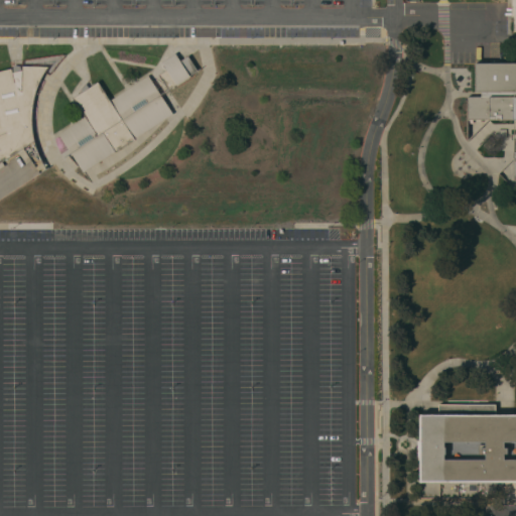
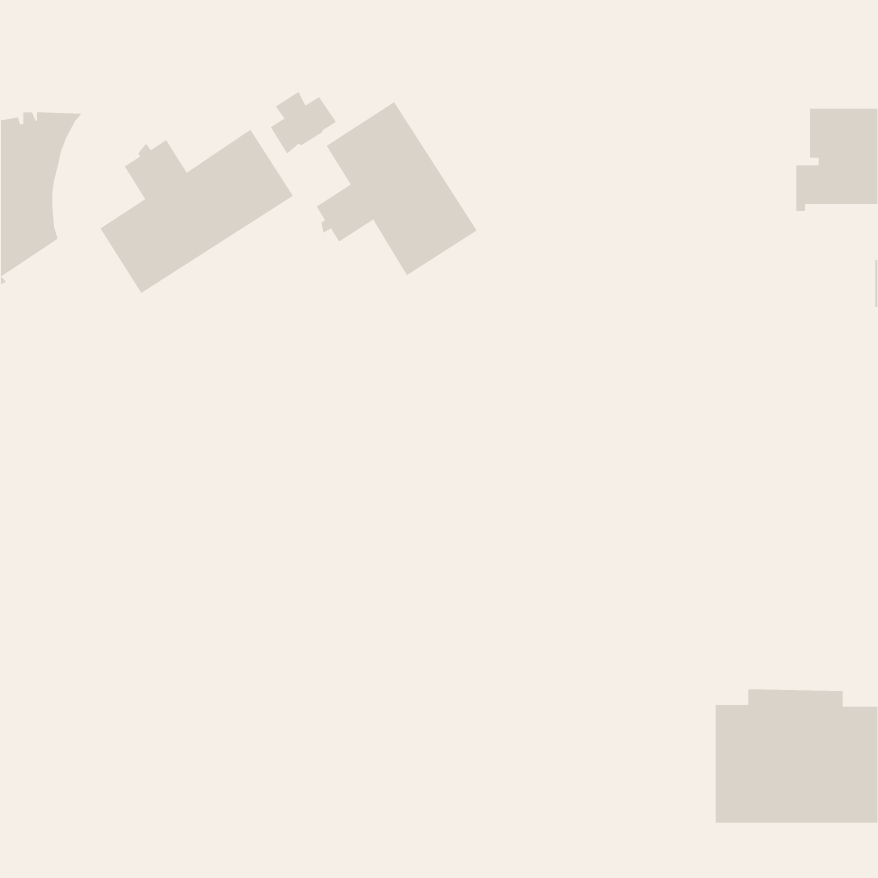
building: none -> [316,101,477,276]

